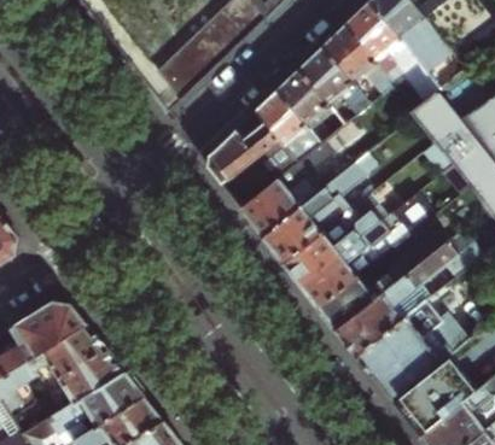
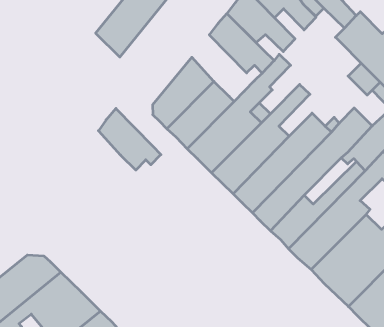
building: [257,88,321,157] -> [98,108,161,170]

